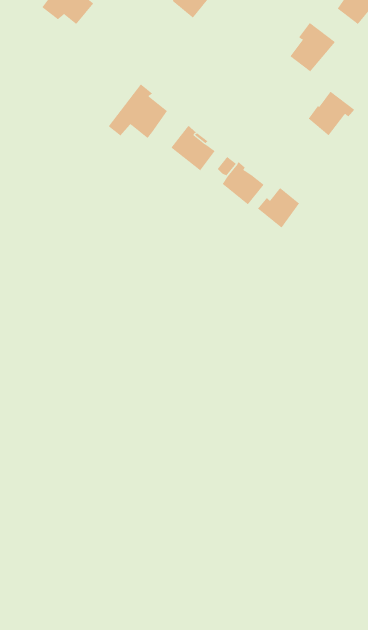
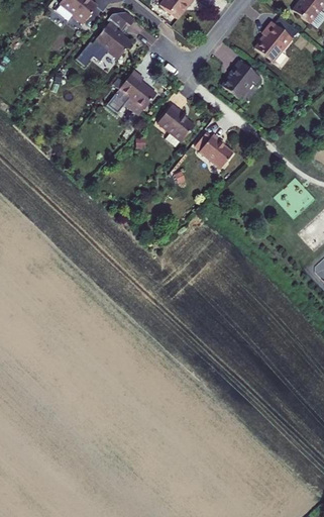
building: none -> [78,10,136,65]
building: [308,91,355,136] -> [222,61,260,97]
building: [257,187,300,229] -> none

